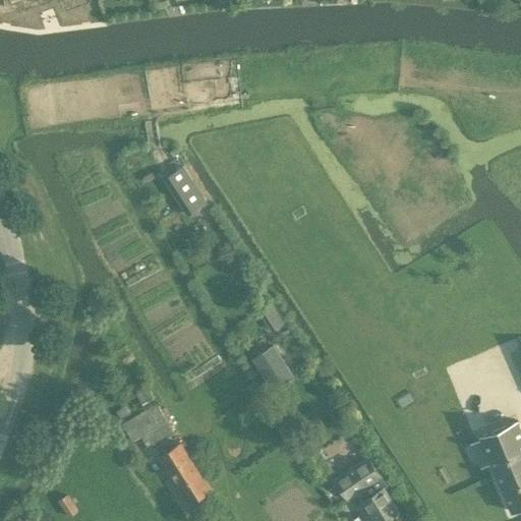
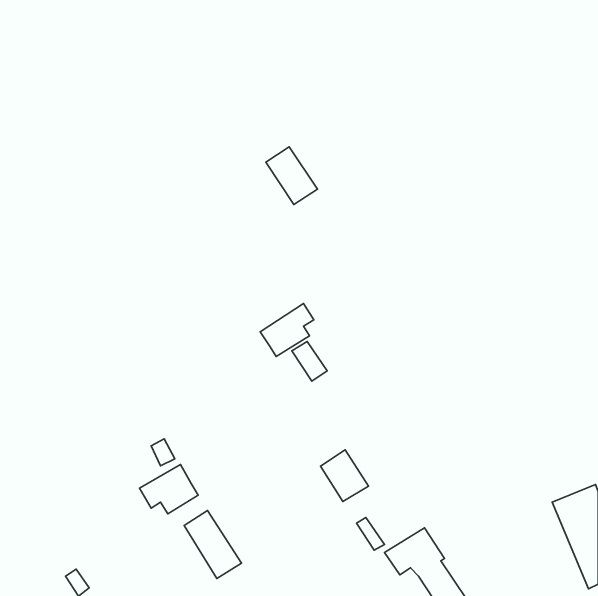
building: [162,168,207,218] -> [266,147,317,204]
building: none -> [260,304,314,356]
building: [251,347,293,392] -> [320,450,369,501]

